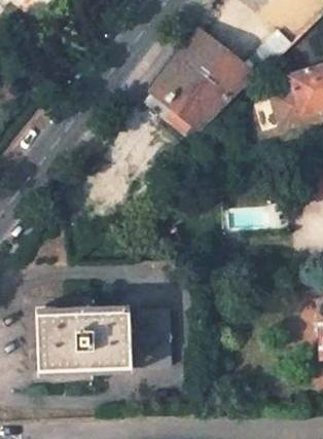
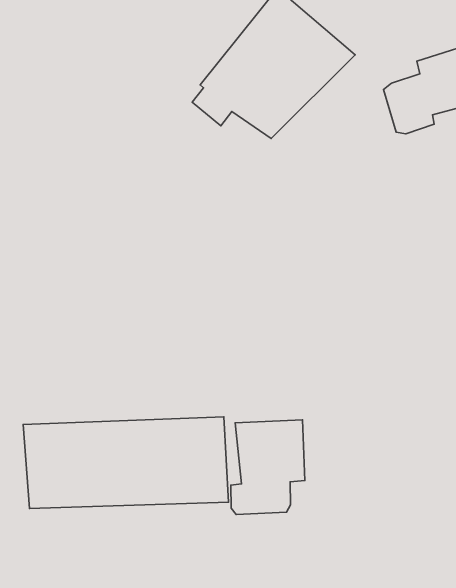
building: none -> [231,420,305,515]

